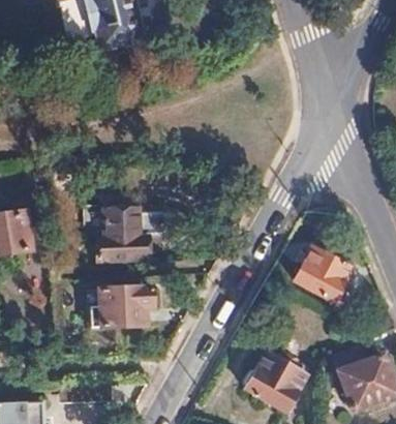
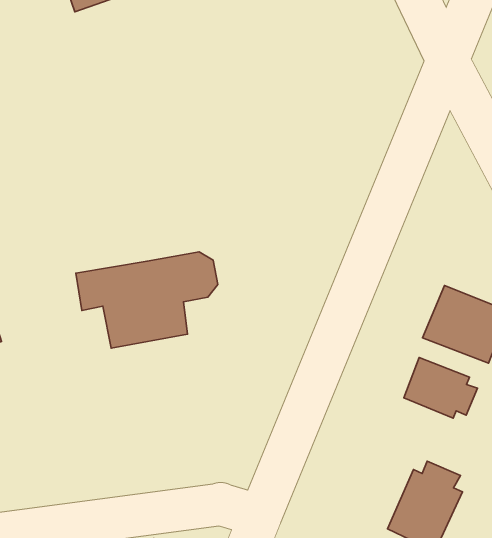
building: [92,287,154,327] -> none
building: none -> [404,358,478,418]

